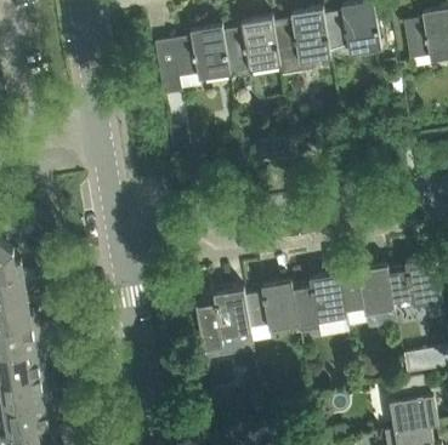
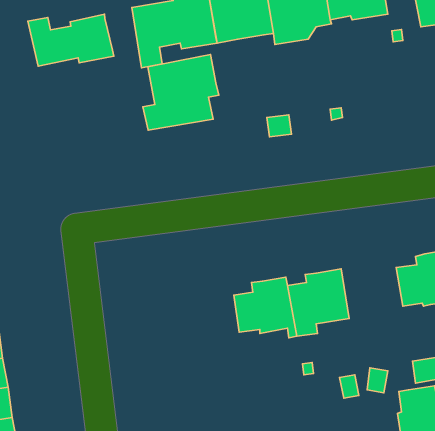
building: none -> [28,14,114,66]
building: none -> [143,55,219,130]
building: [340,264,393,327] -> none
building: [194,289,253,359] -> none

